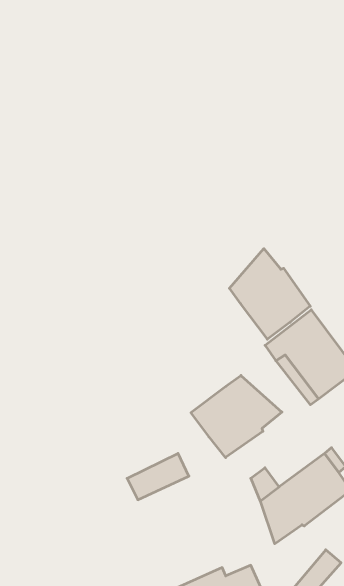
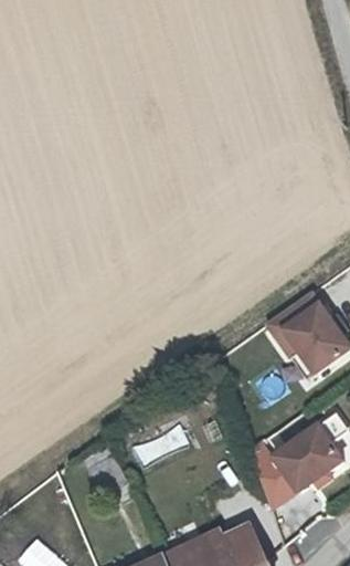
building: [229,249,310,339] -> none
building: [191,375,282,458] -> none

